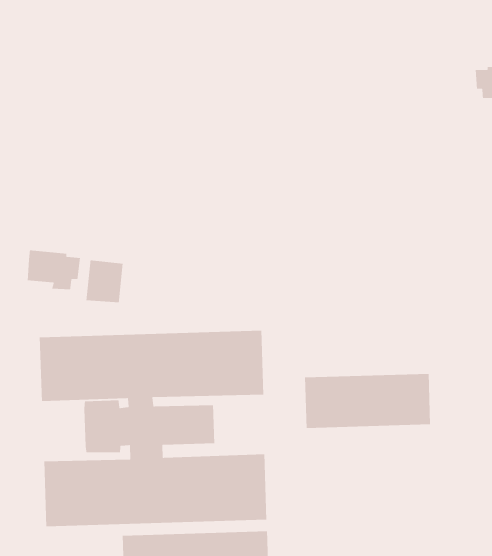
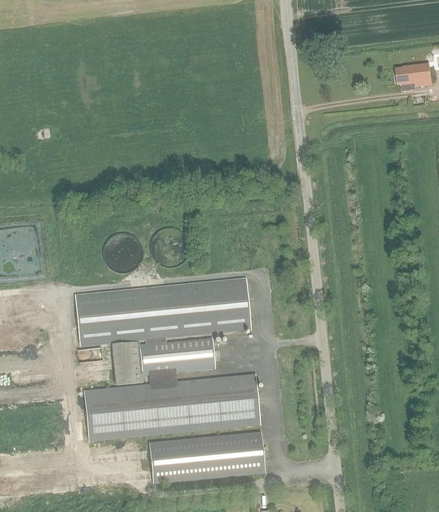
building: [27,249,81,290] -> none
building: [304,373,431,429] -> none

